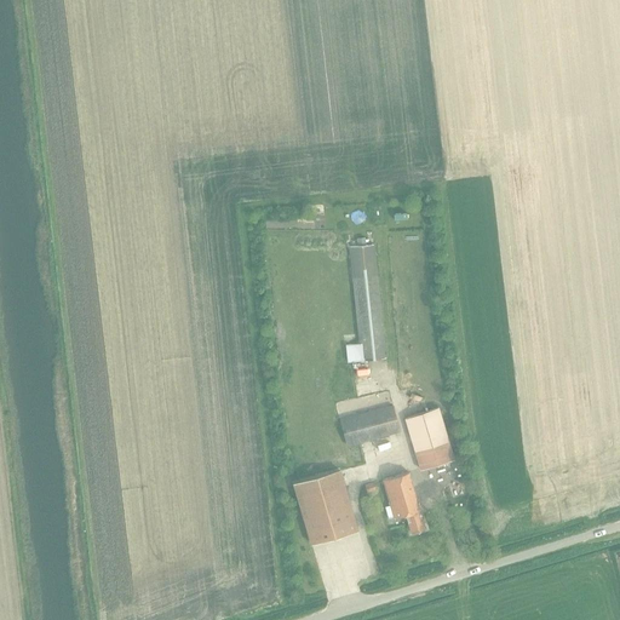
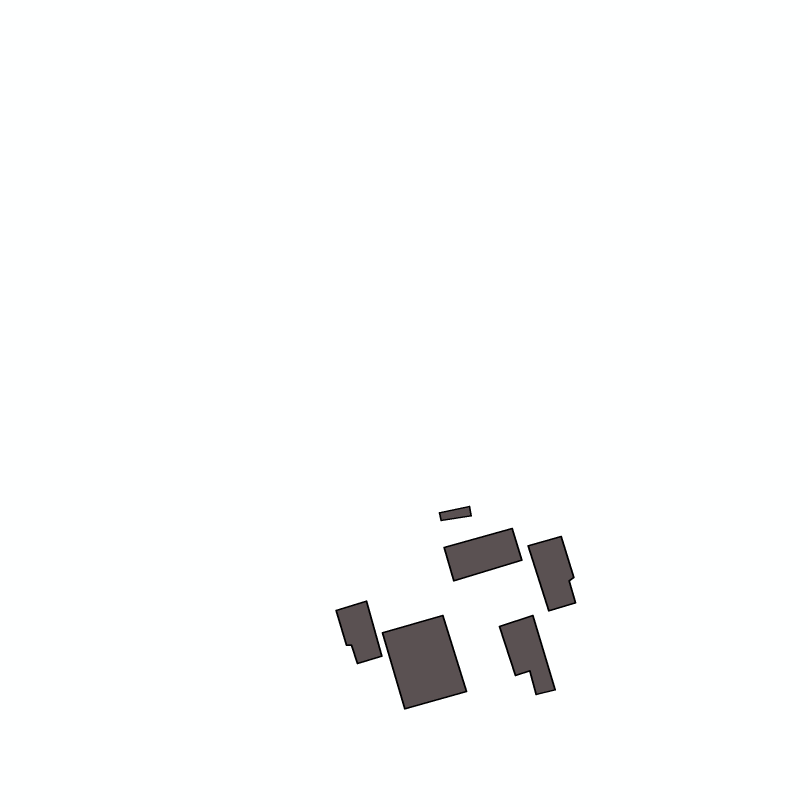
building: [348,245,388,362] -> none
building: none -> [336,601,382,664]

